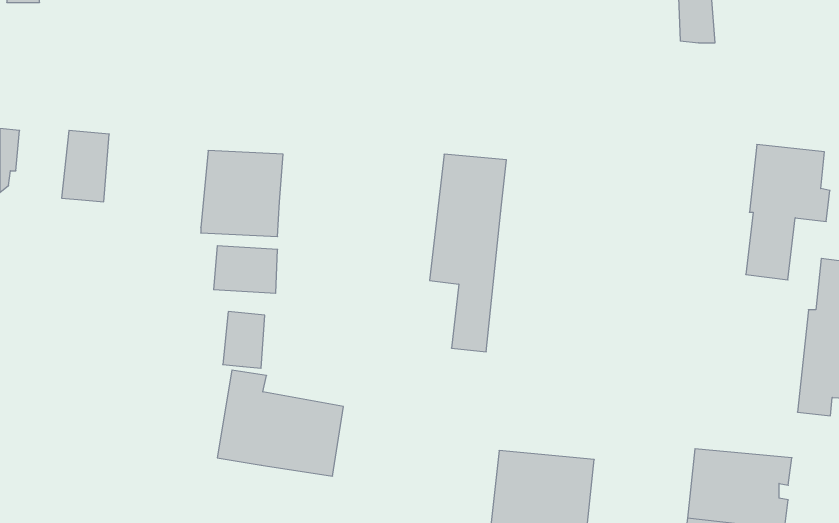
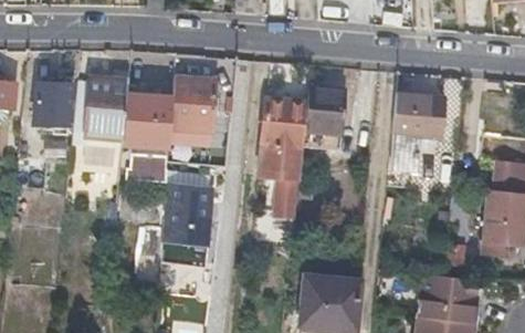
building: none -> [171,75,217,129]
building: none -> [86,77,129,142]
building: none -> [305,86,348,136]
building: [746,145,830,280] -> [391,93,442,175]
building: none -> [166,181,211,243]

